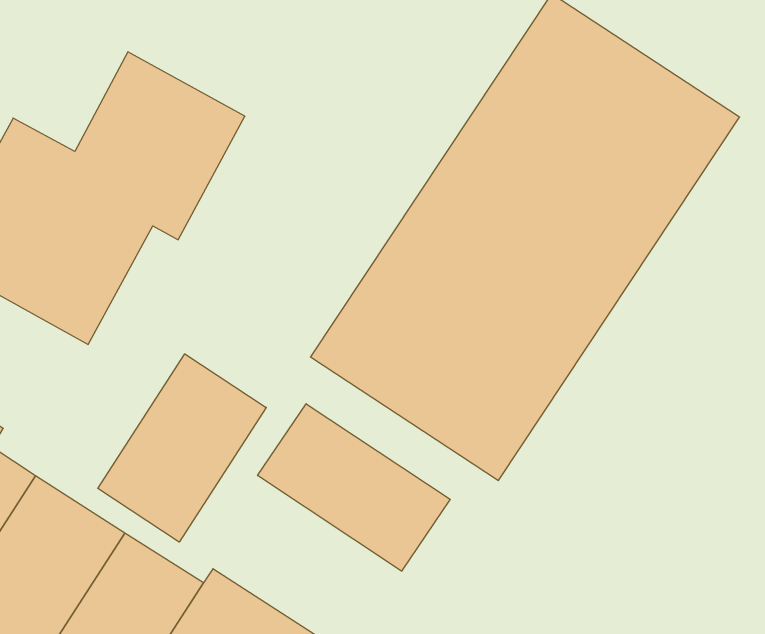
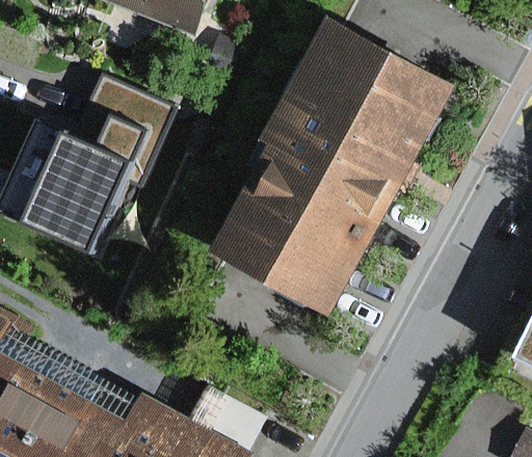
building: [98,354,266,542] -> none
building: [258,404,450,571] -> none

